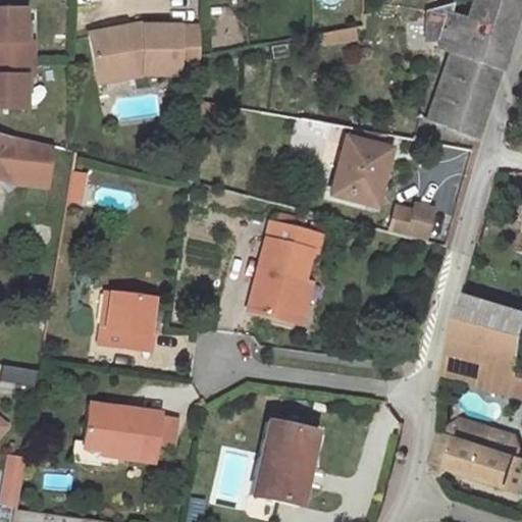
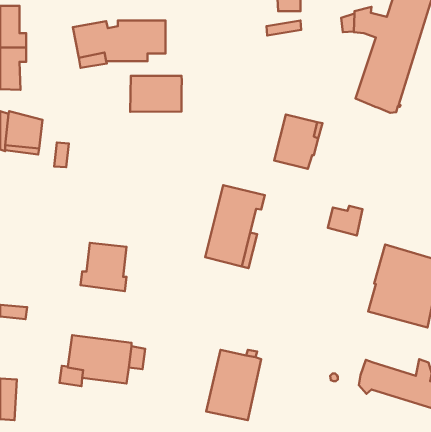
building: none -> [130,76,182,112]
building: [392,204,433,240] -> [328,206,363,236]
building: [452,419,507,452] -> none

